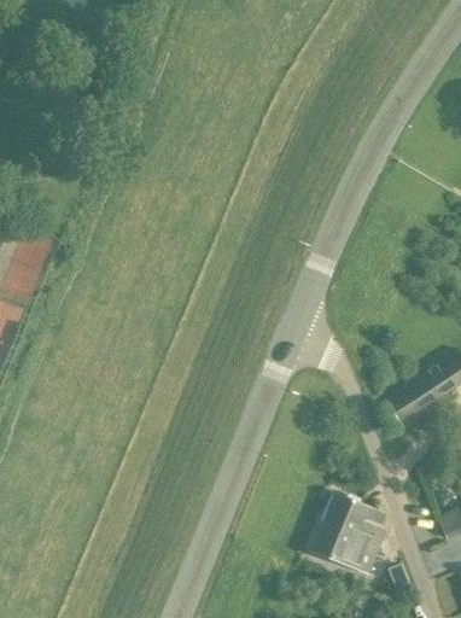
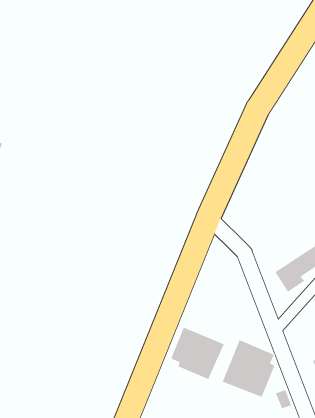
building: none -> [170,327,224,380]

